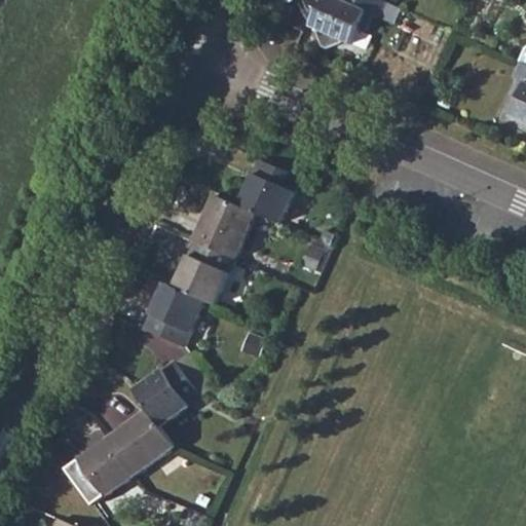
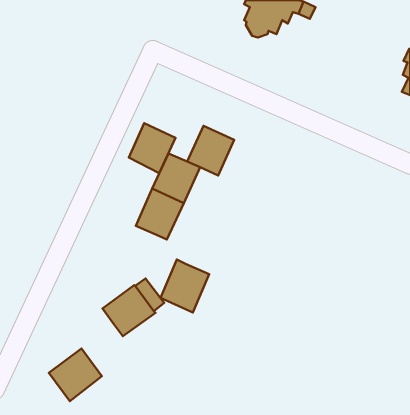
building: none -> [129,123,175,173]
building: [140,280,201,347] -> [160,260,209,312]
building: [103,410,170,476] -> none

